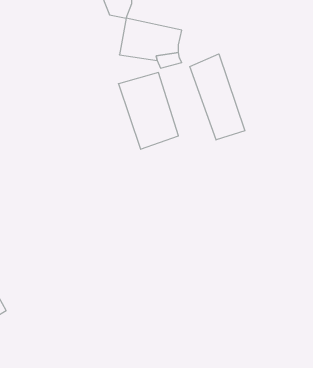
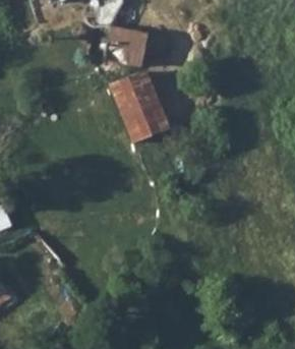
building: [190,54,245,140] -> none

